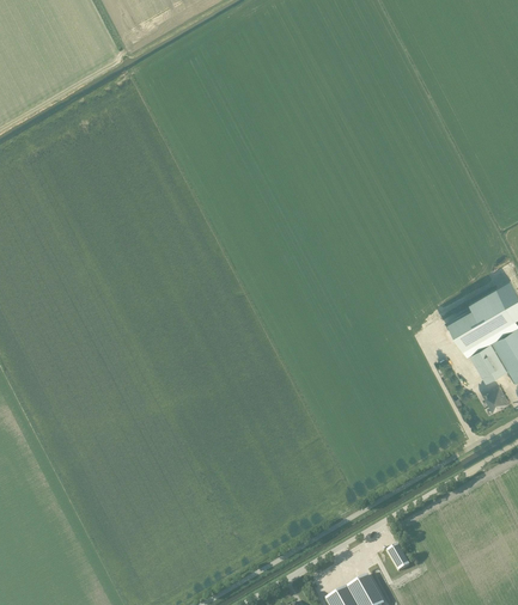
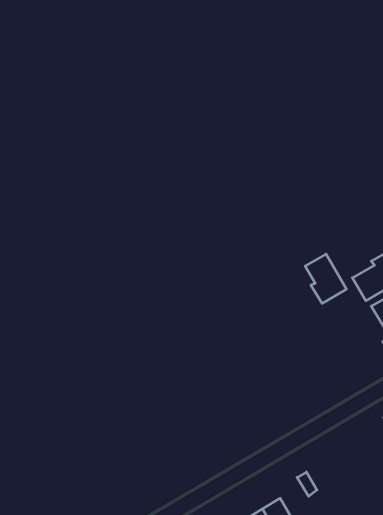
building: none -> [305,254,346,303]

